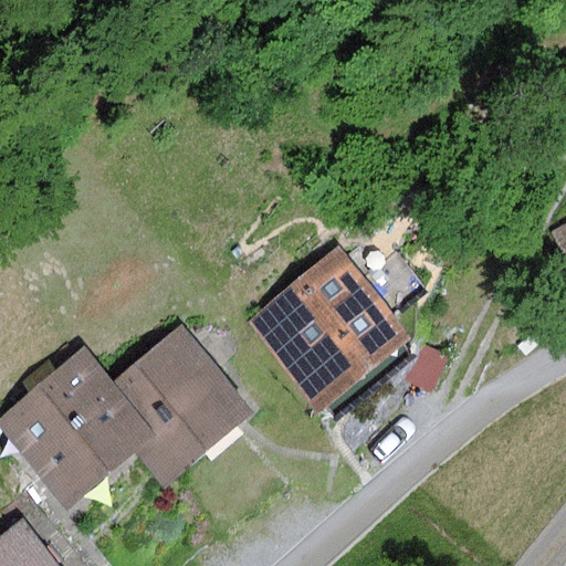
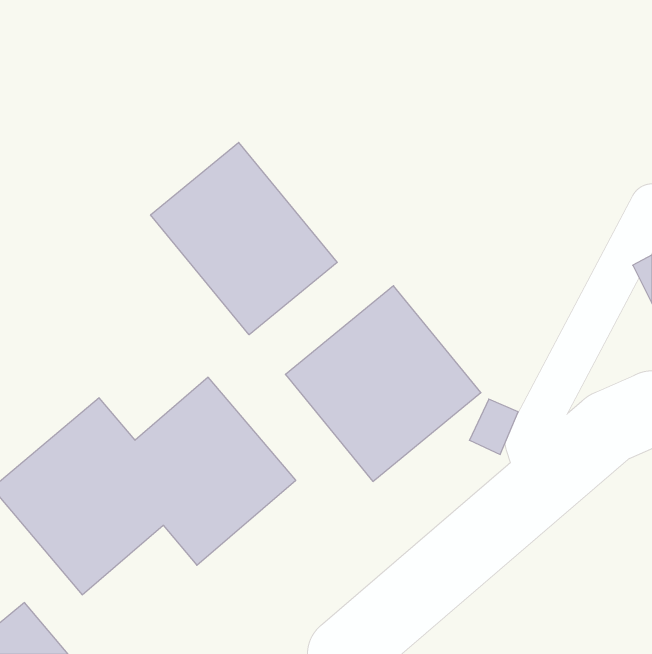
building: none -> [151,142,337,335]

